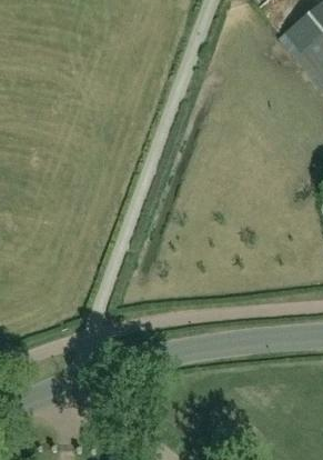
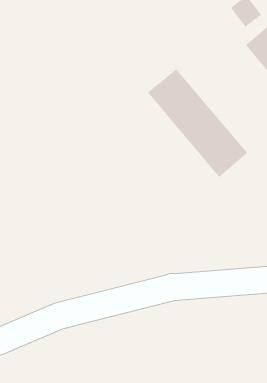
building: none -> [147,68,248,178]

